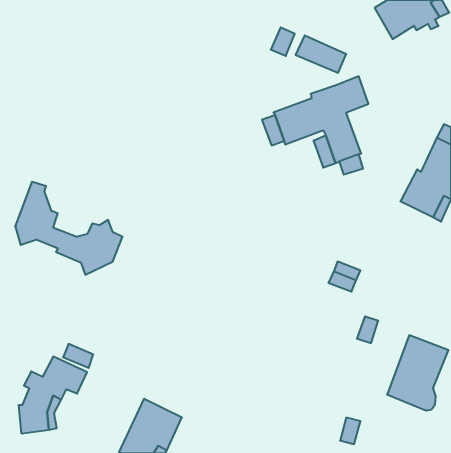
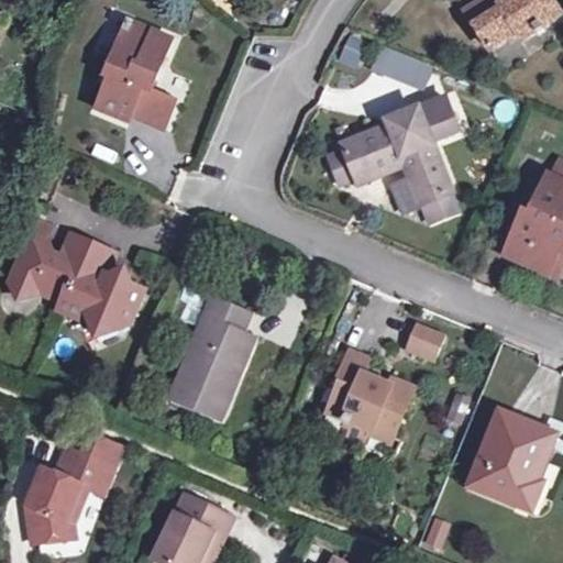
building: none -> [97,21,174,124]
building: none -> [64,238,122,294]
building: none -> [176,298,255,422]
building: none -> [332,352,415,445]

